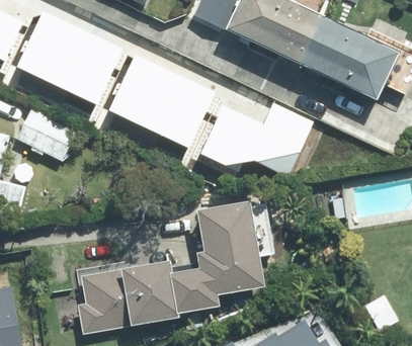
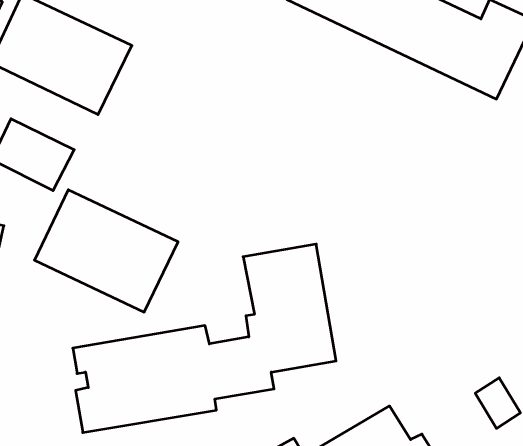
building: [106,62,210,150] -> [34,190,178,312]
building: [195,106,311,179] -> none

